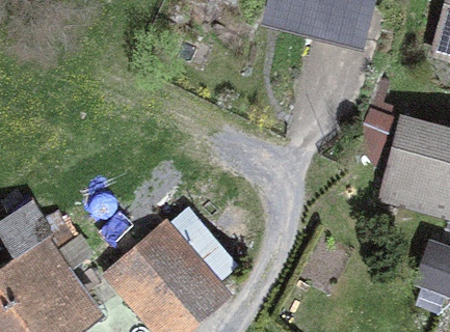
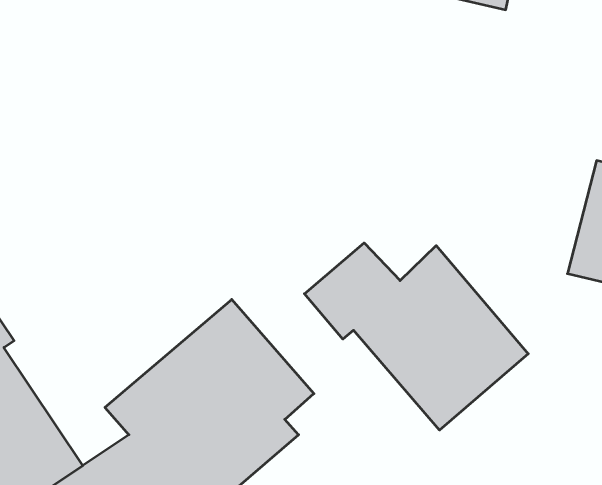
building: none -> [304,243,528,430]

